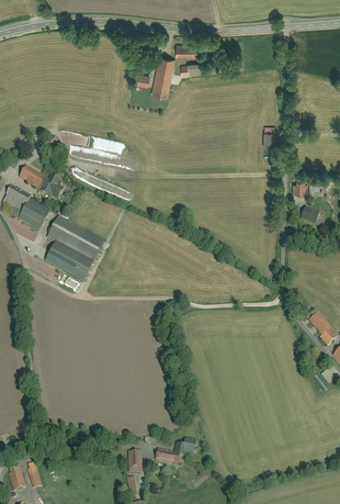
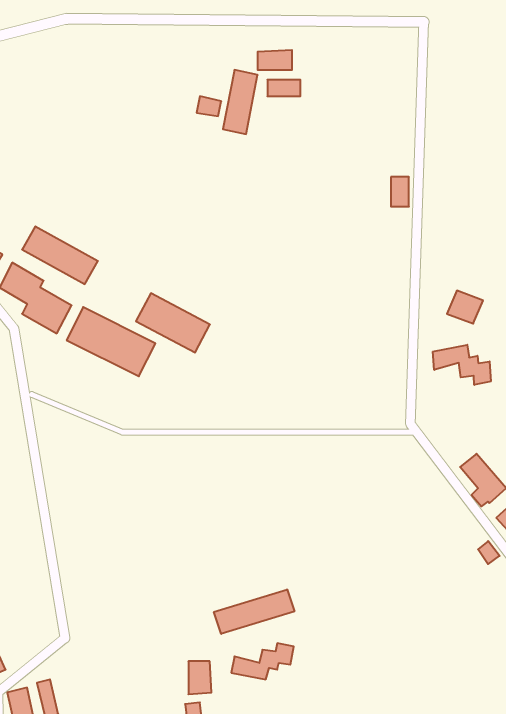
building: none -> [433,345,491,385]
building: [44,242,93,281] -> [136,293,210,353]
building: none -> [214,589,294,634]

